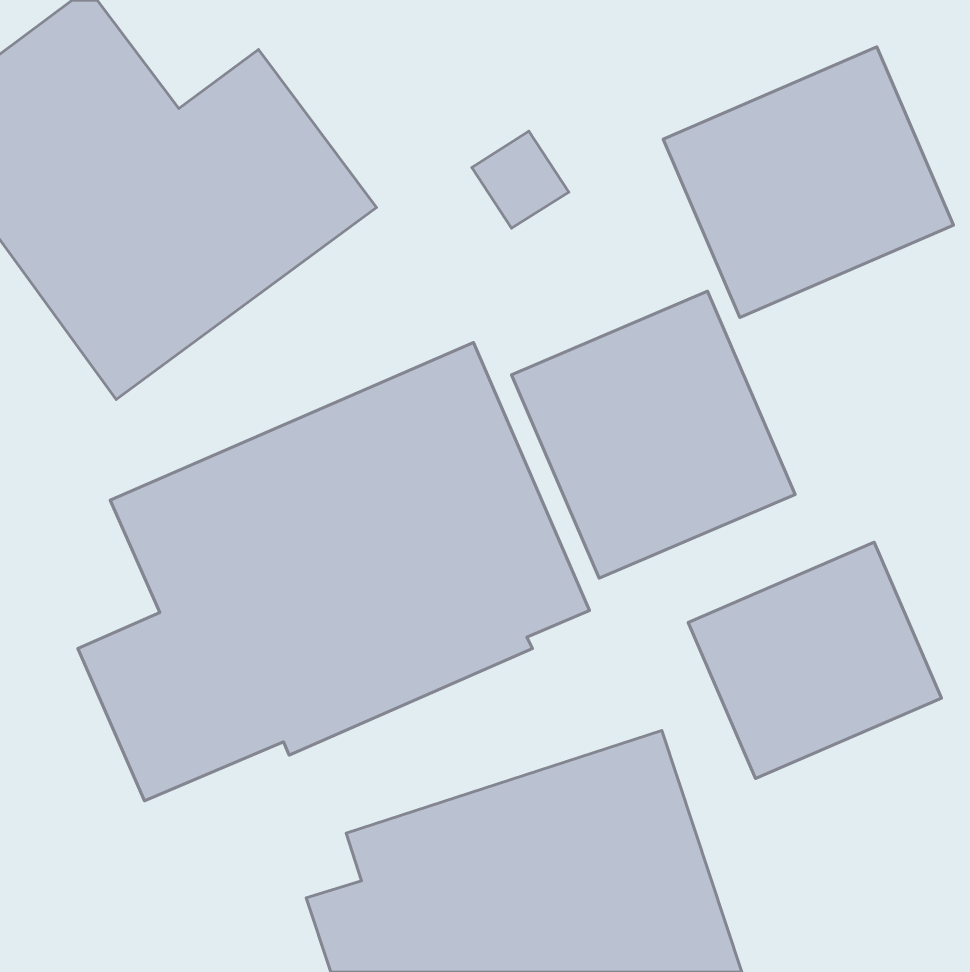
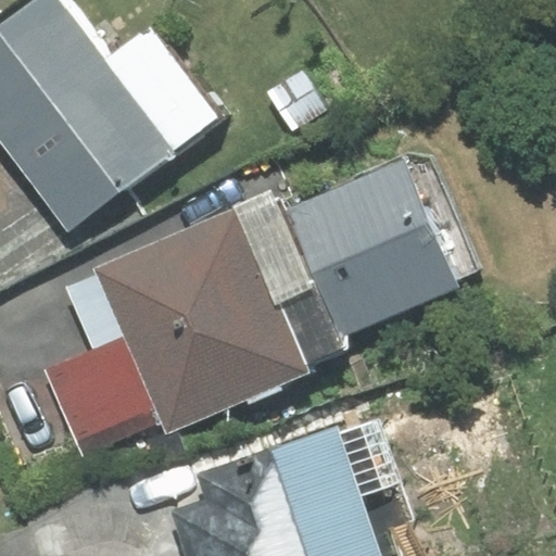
building: [663,47,953,317] -> none
building: [688,542,941,779] -> none

